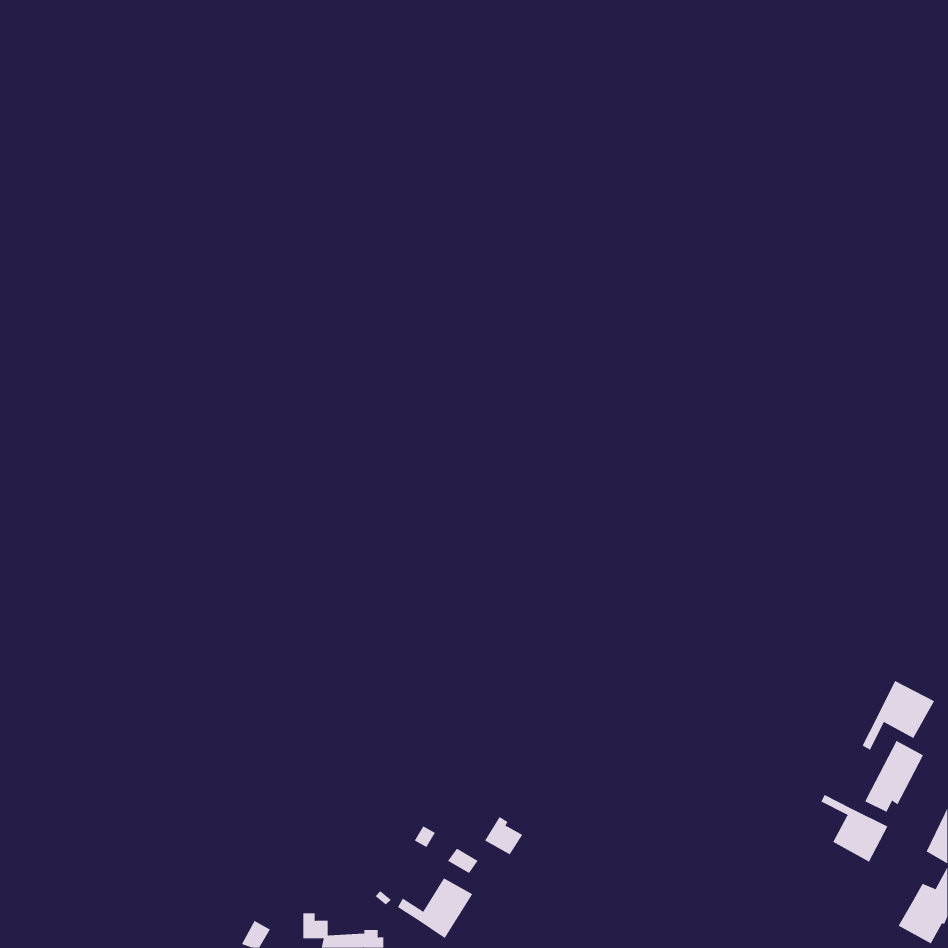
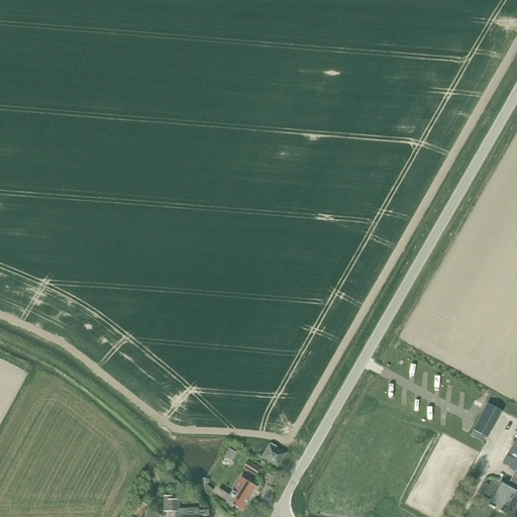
building: [862,680,935,750] -> none
building: [820,794,888,862] -> none

